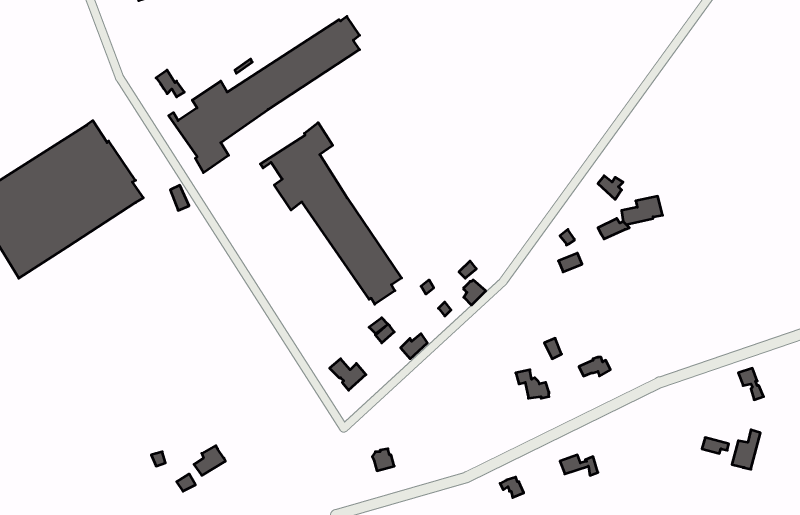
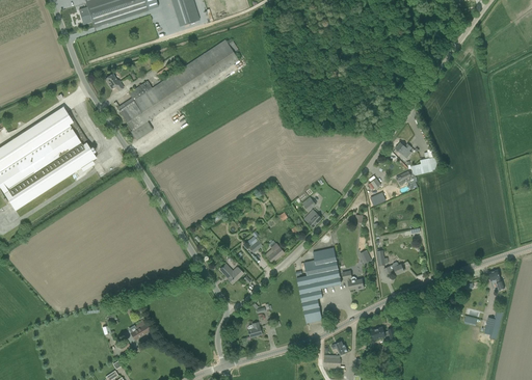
building: [260,123,402,304] -> none
building: none -> [296,247,340,323]

